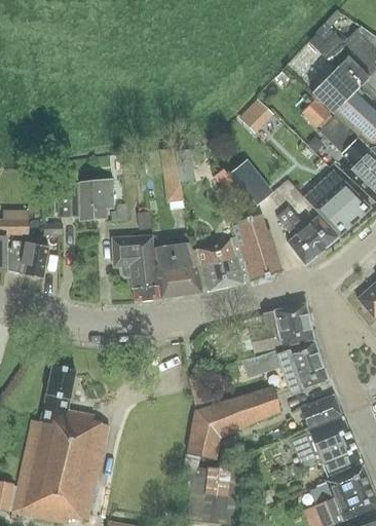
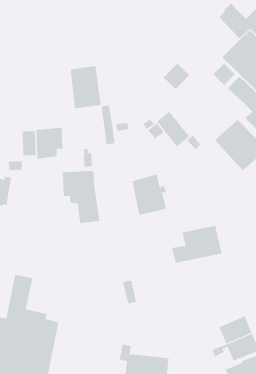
building: none -> [70,65,101,109]
building: [275,204,337,263] -> none
building: [231,213,283,279] -> none
building: [152,242,201,298] -> none
building: [240,339,327,391] -> none
building: [186,386,279,458] -> none
building: [301,393,341,427] -> none

